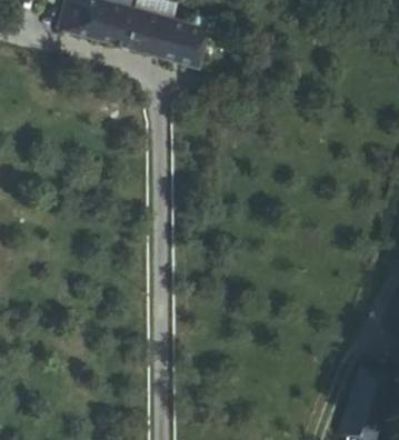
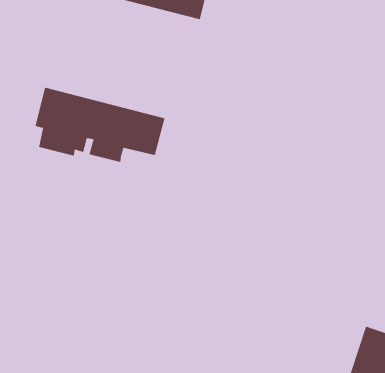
building: none -> [35,87,165,163]

